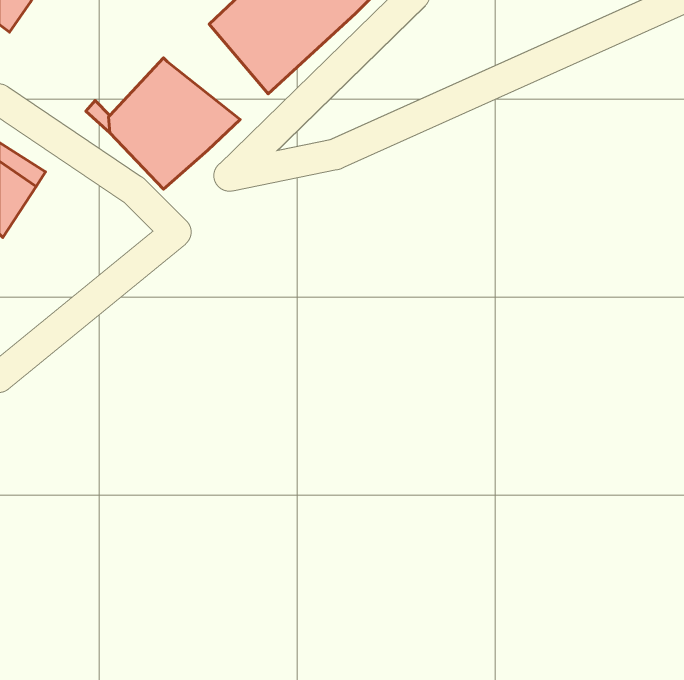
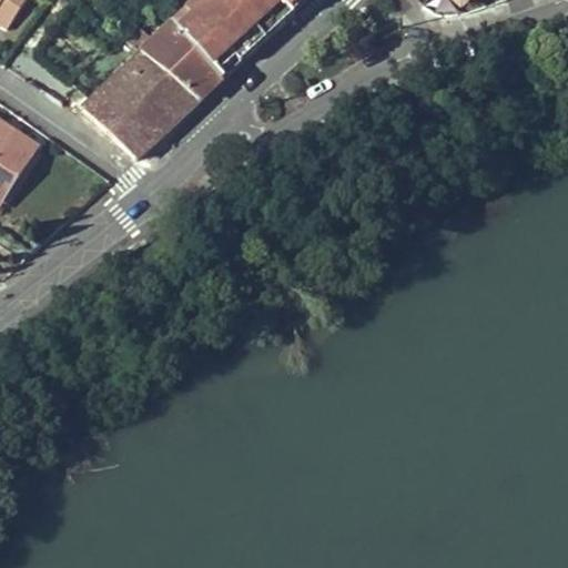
building: none -> [131,20,222,99]

